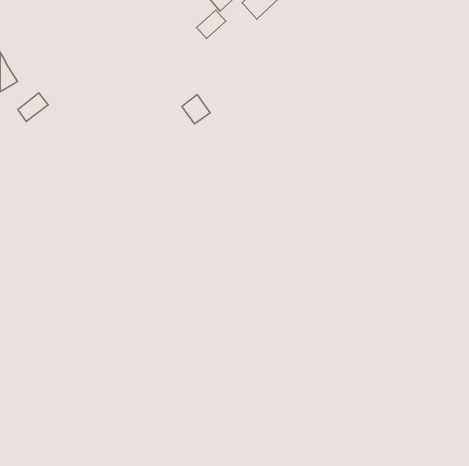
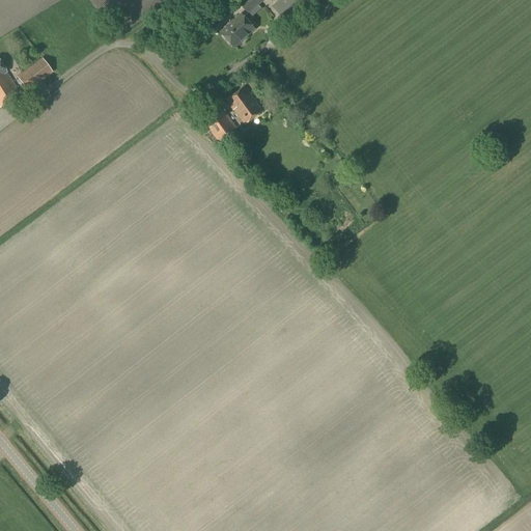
building: none -> [227,84,262,121]
building: [18,93,48,121] -> [18,56,52,88]

